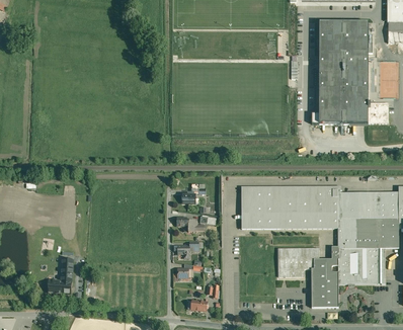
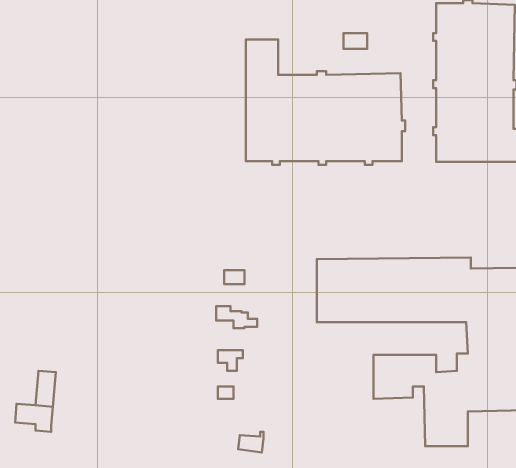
building: none -> [246,40,405,165]

